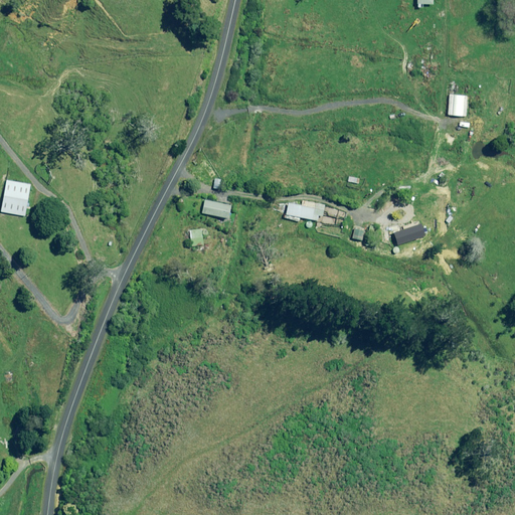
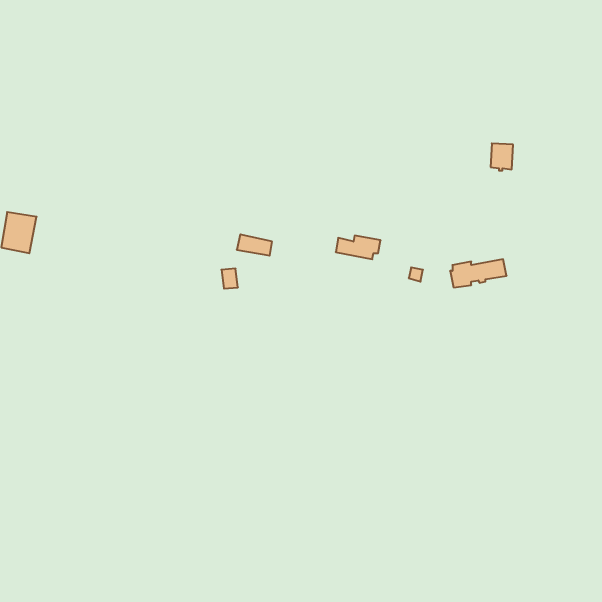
building: [446,95,465,118] -> [491,143,513,171]

